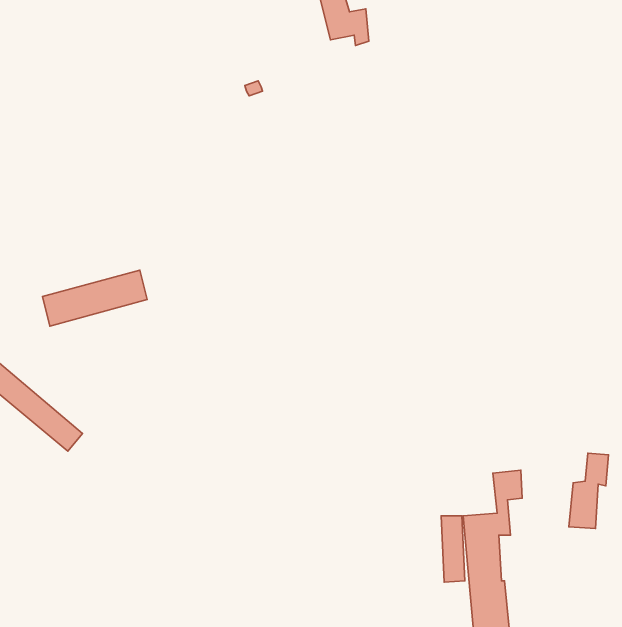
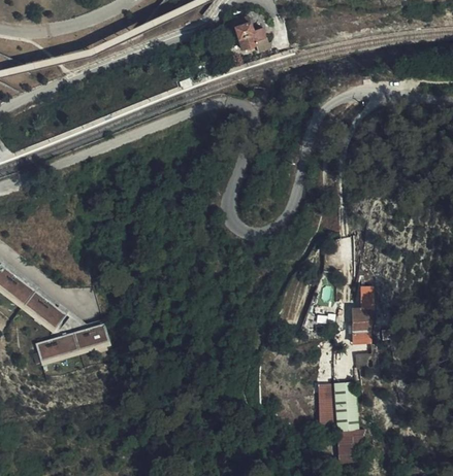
building: [42,270,147,326] -> [35,324,108,363]
building: [569,453,609,528] -> [346,286,374,339]

